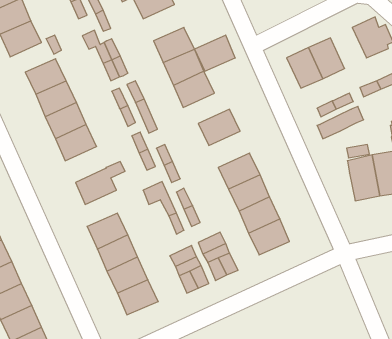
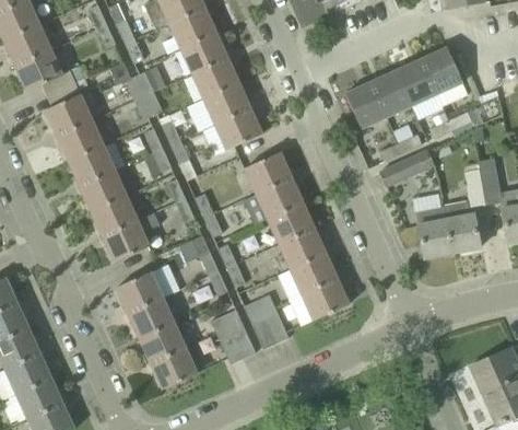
building: none -> [396,58,437,105]
building: [194,35,235,71] -> [180,32,227,73]
building: none -> [256,177,303,219]
building: none -> [91,195,138,236]

